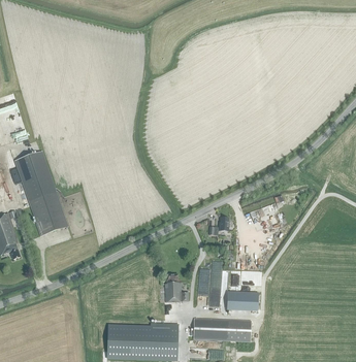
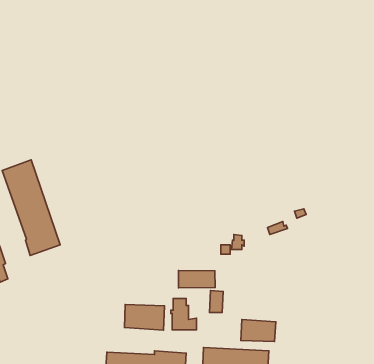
building: none -> [178,270,215,288]
building: none -> [124,305,164,330]

